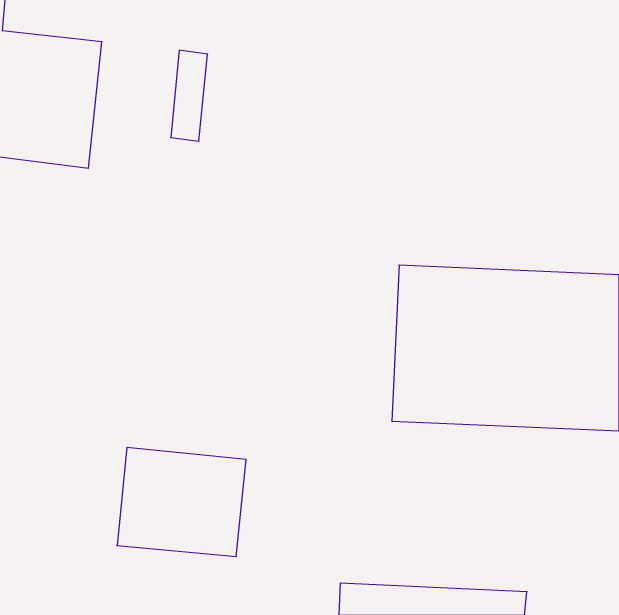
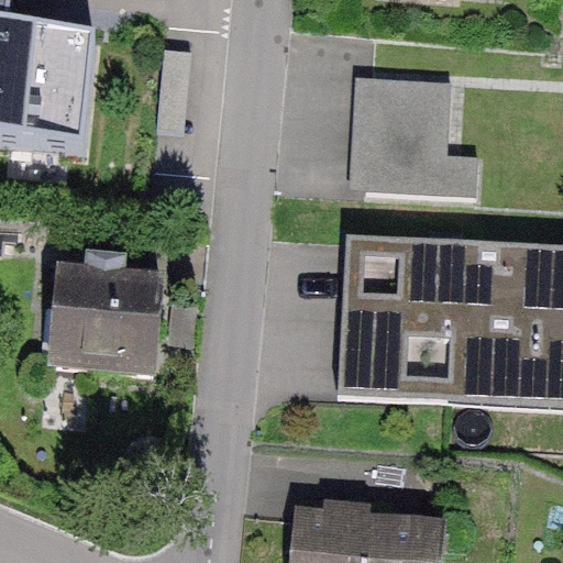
building: none -> [360,77,472,192]
building: [117,447,246,557] -> [45,286,161,384]

